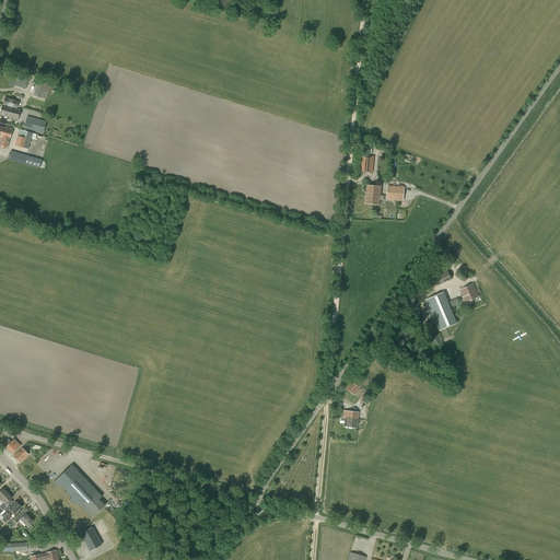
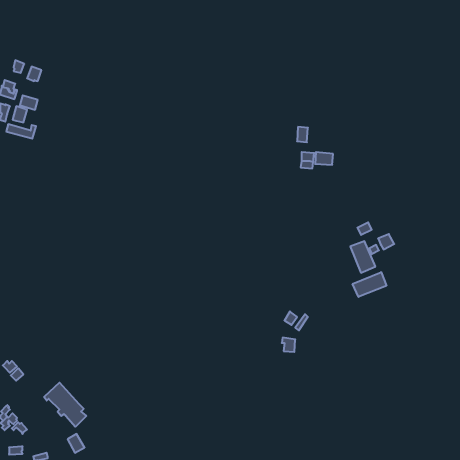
building: none -> [353,272,386,297]

